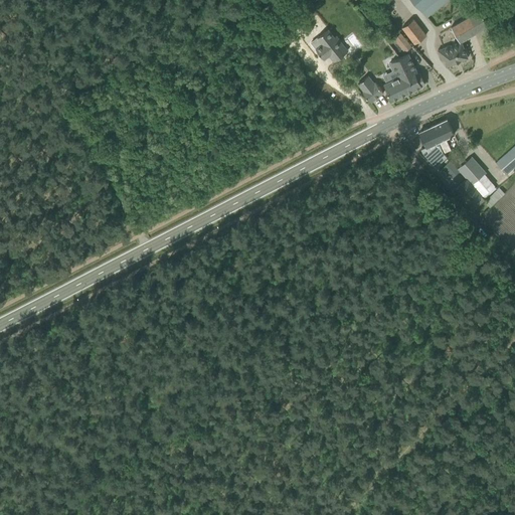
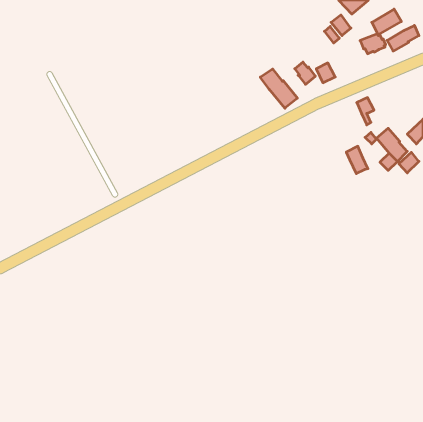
building: [311,30,347,62] -> none
building: none -> [387,25,419,51]
building: [391,54,424,95] -> none
building: none -> [260,69,297,108]
building: [419,126,446,159] -> [346,146,368,174]

